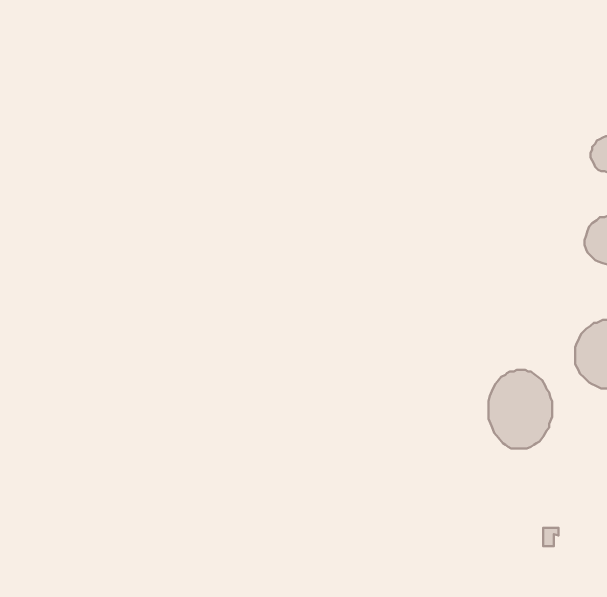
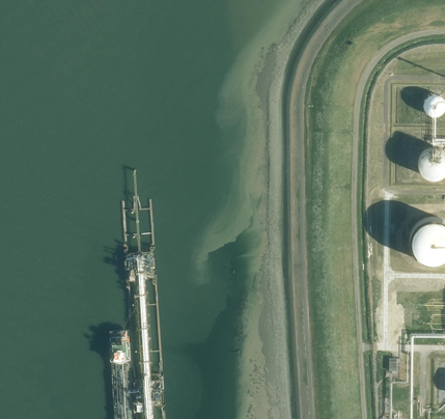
building: [489,370,552,448] -> none

